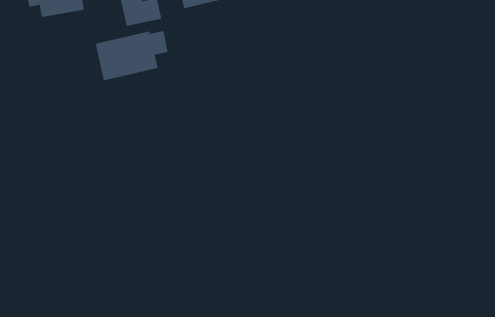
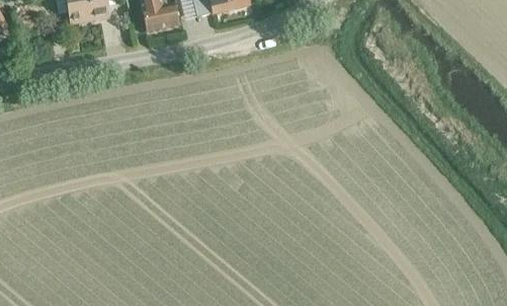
building: [95,30,168,81] -> none

